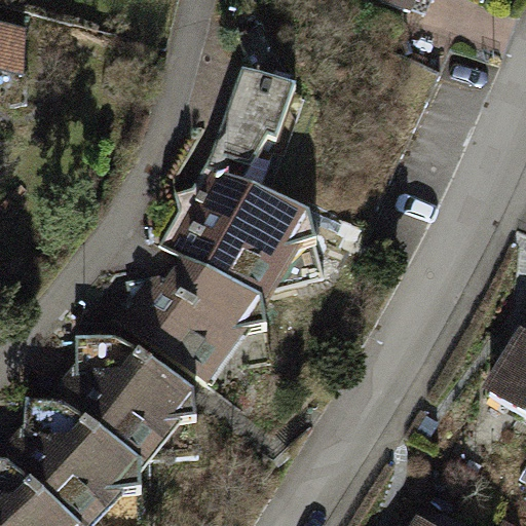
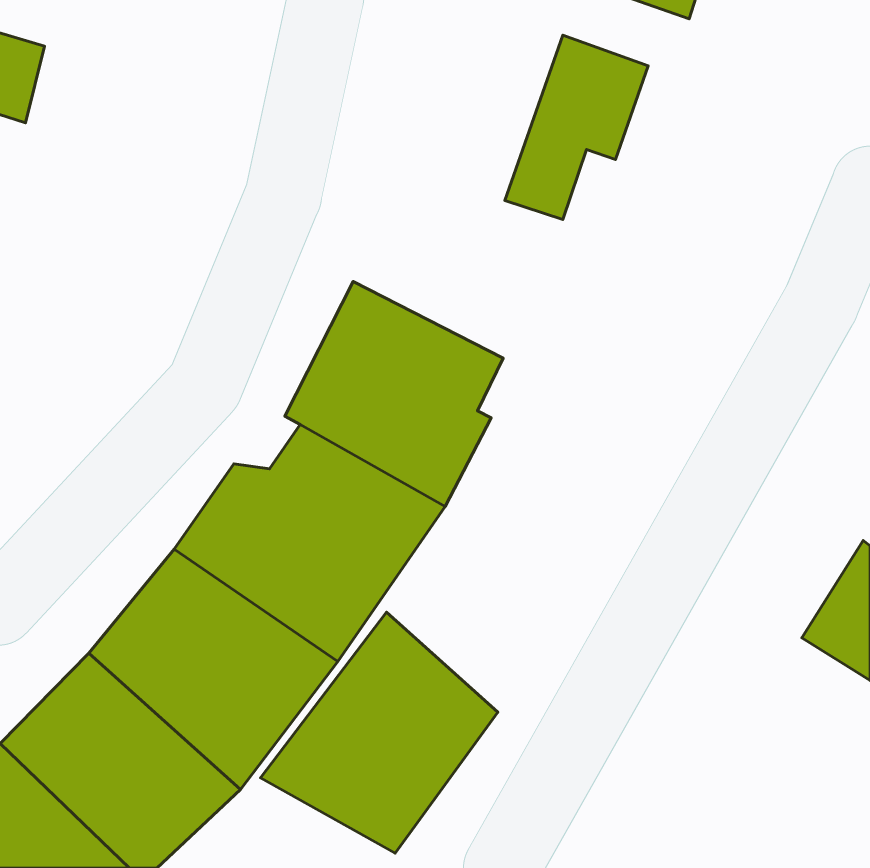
building: [210,65,296,176] -> [505,35,648,219]
building: none -> [261,612,498,853]

